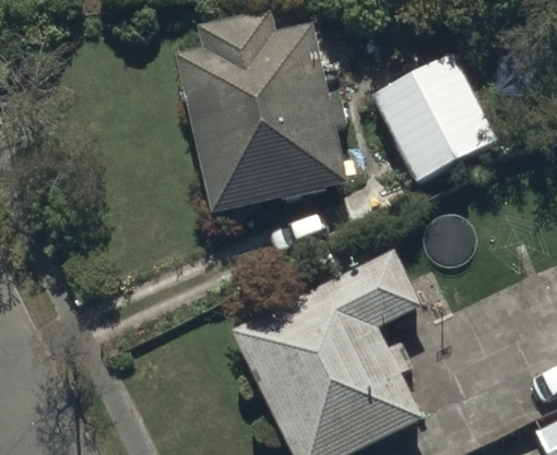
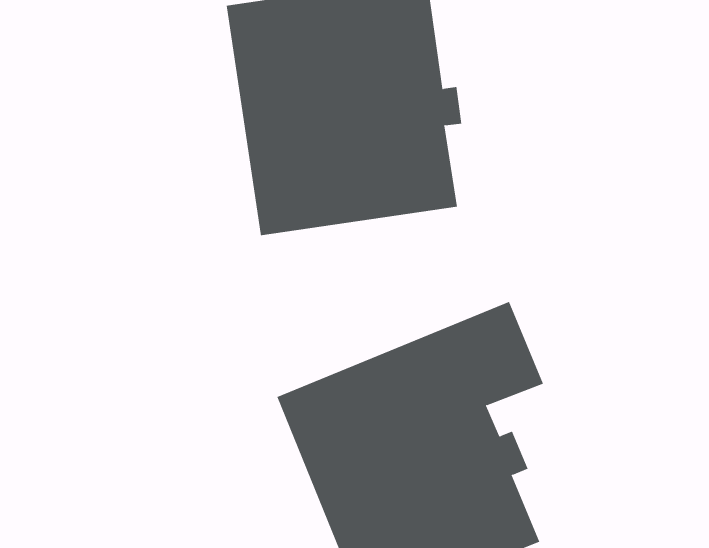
building: [372,50,501,182] -> none

